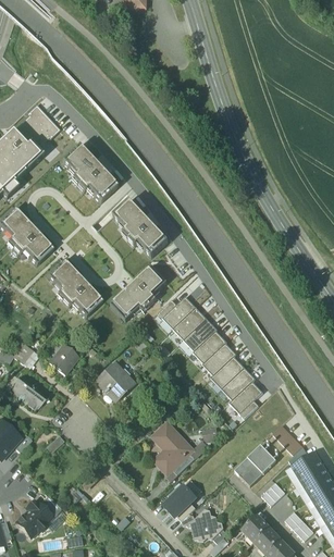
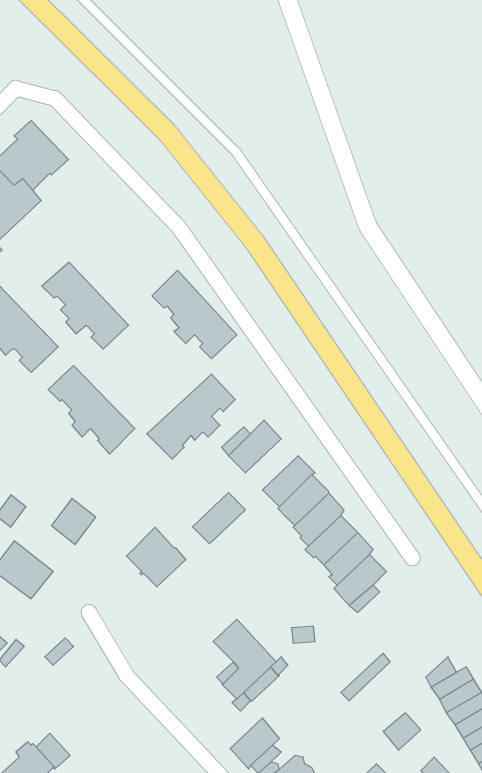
building: [60,146,115,201] -> [42,262,129,349]
building: [172,307,206,339] -> [193,493,245,544]
building: [238,449,275,486] -> none

